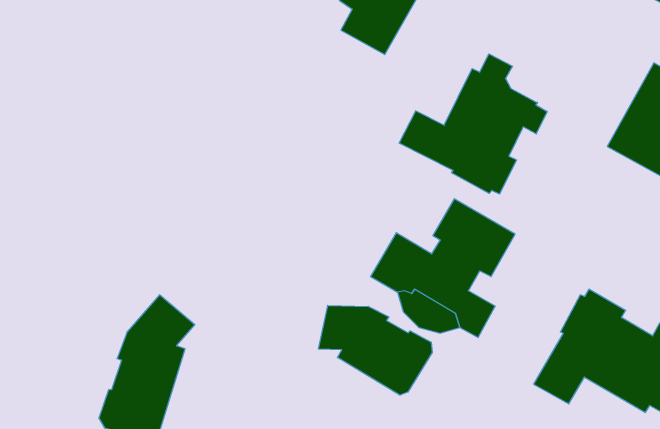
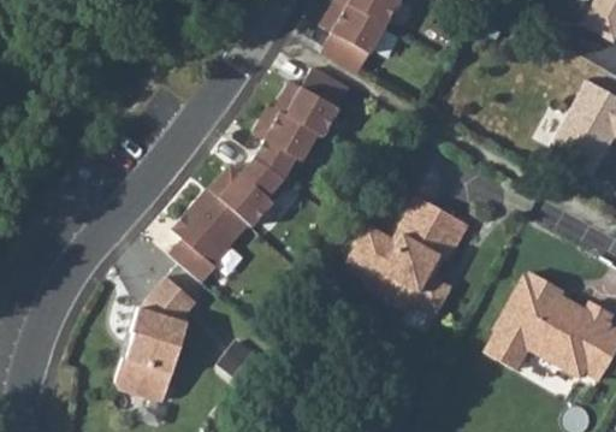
building: none -> [168,67,350,283]
building: [399,54,547,194] -> none
building: [319,305,432,395] -> none

